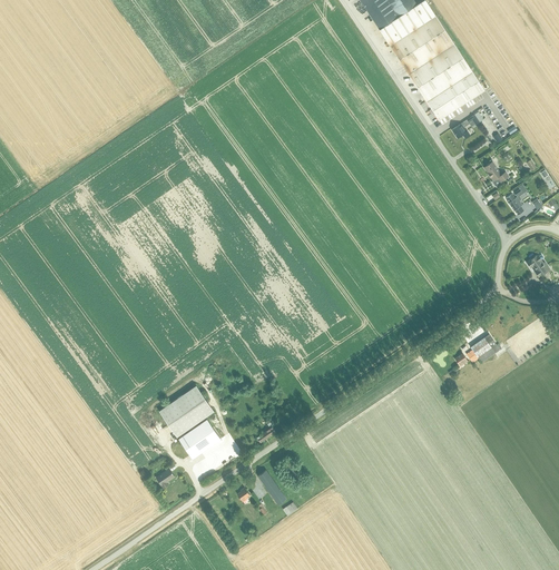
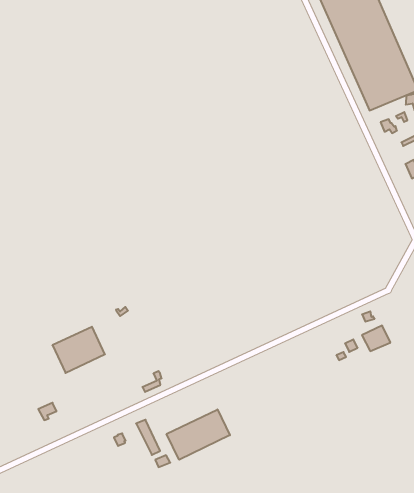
building: [179,420,220,458] -> none
building: none -> [167,409,230,460]

